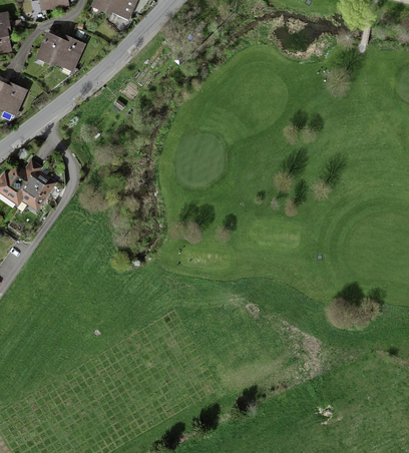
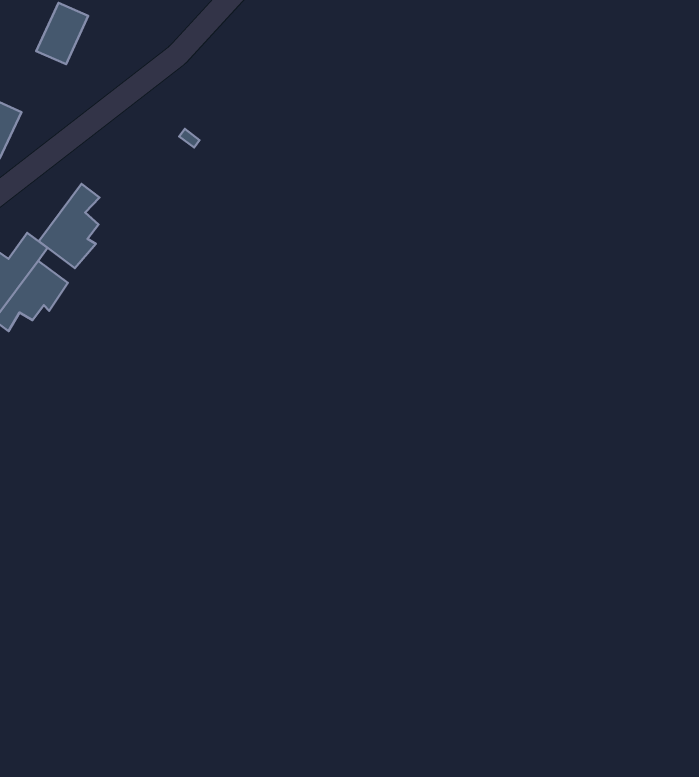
building: [52,36,86,72] -> none
building: none -> [39,184,100,268]

